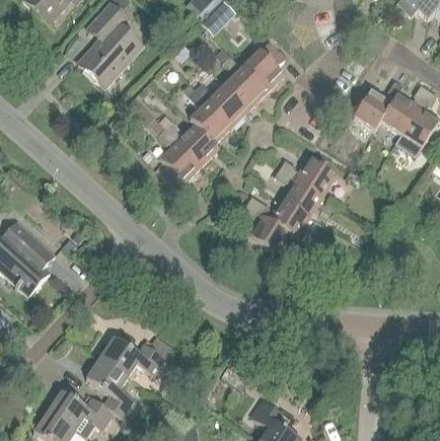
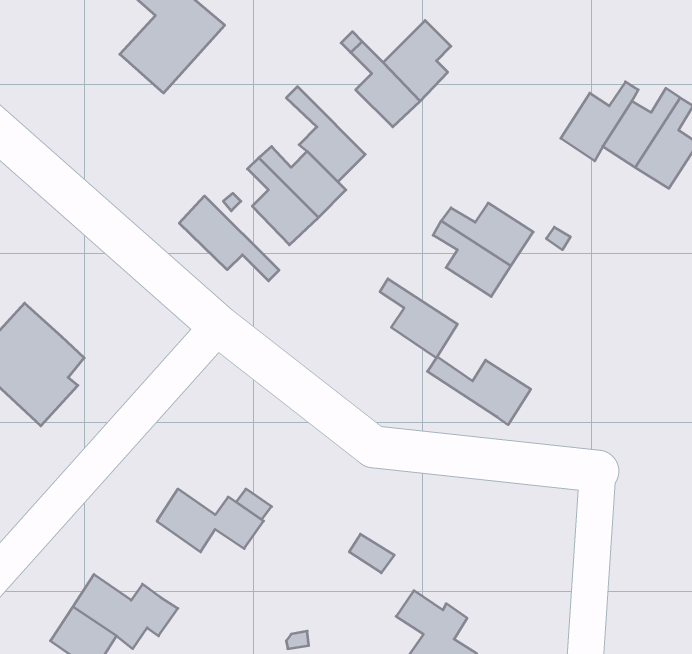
building: [194,83,247,127] -> none
building: none -> [179,196,279,281]
building: [244,196,309,238] -> [427,357,531,425]
building: [84,357,136,420] -> none

